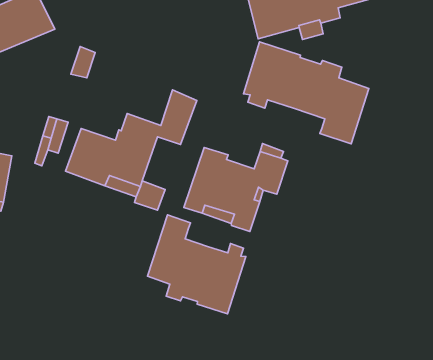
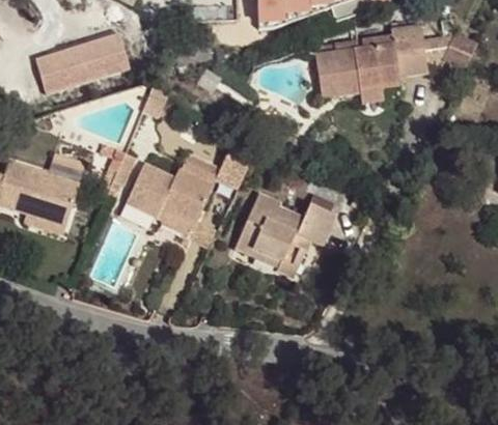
building: [243,42,369,144] -> none
building: [147,215,246,314] -> none

